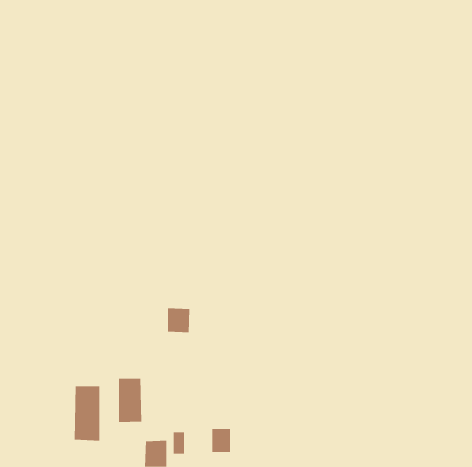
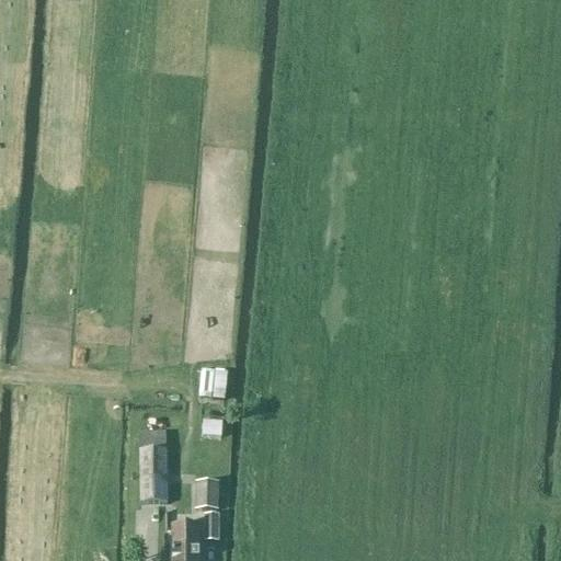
building: [74,386,100,441] -> none
building: [211,428,231,452] -> [196,479,219,507]

